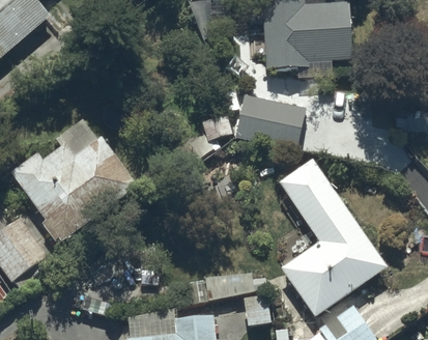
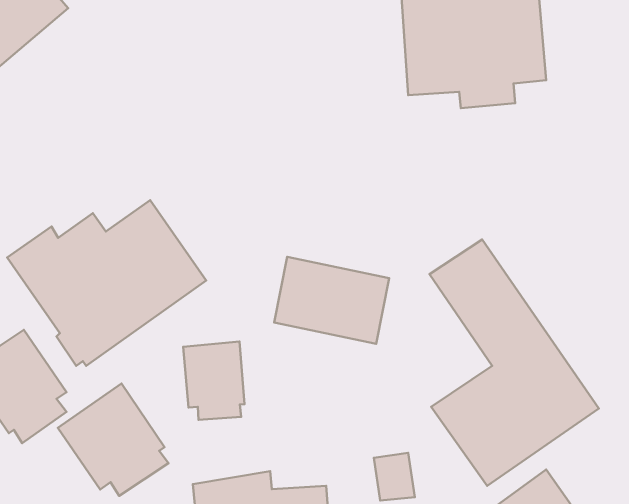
building: [234,95,307,150] -> [274,257,389,344]
building: none -> [183,341,244,420]
building: none -> [58,383,168,496]

